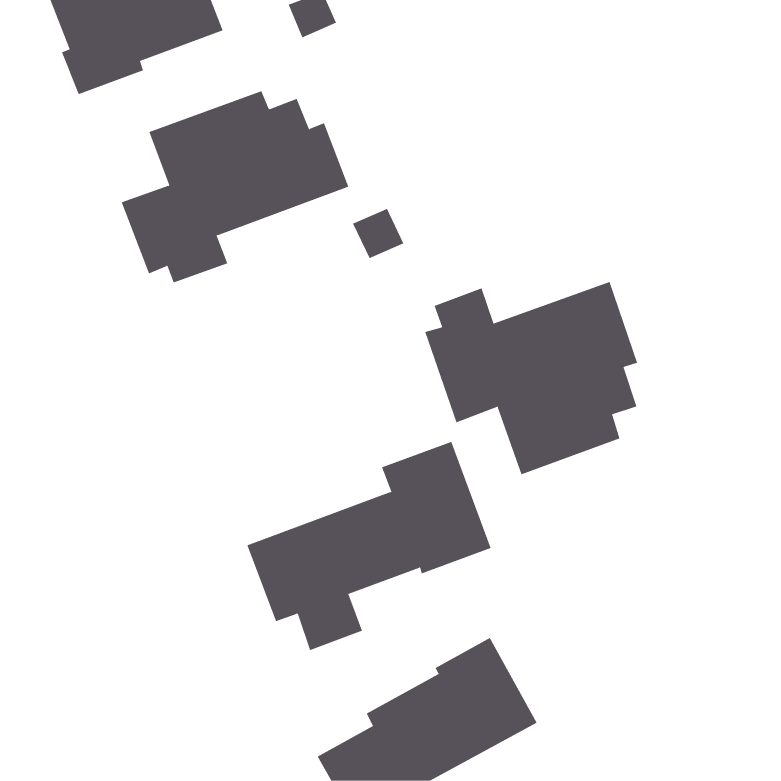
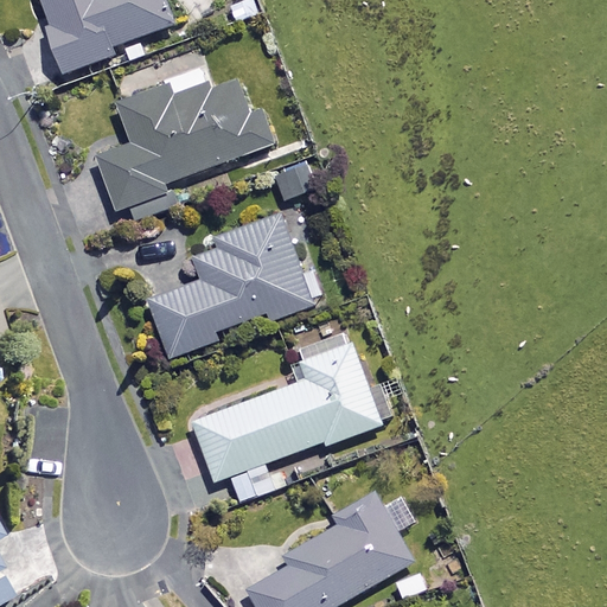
building: none -> [151,213,312,356]
building: [425,281,638,475] -> none

